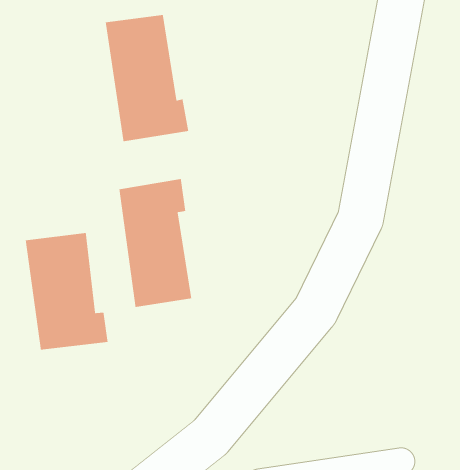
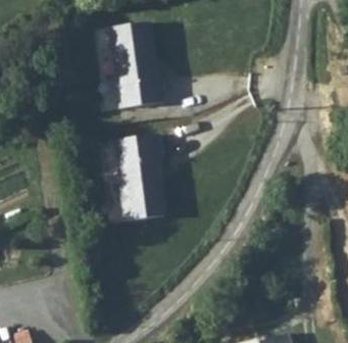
building: [25,232,108,350] -> none

